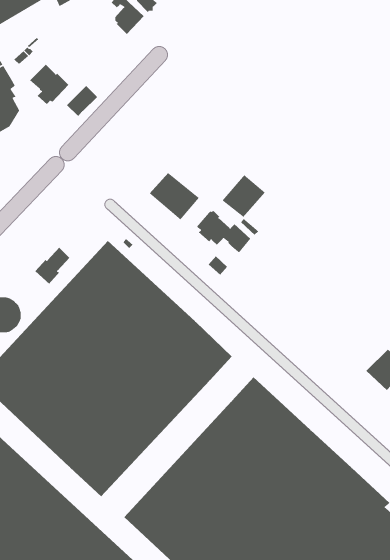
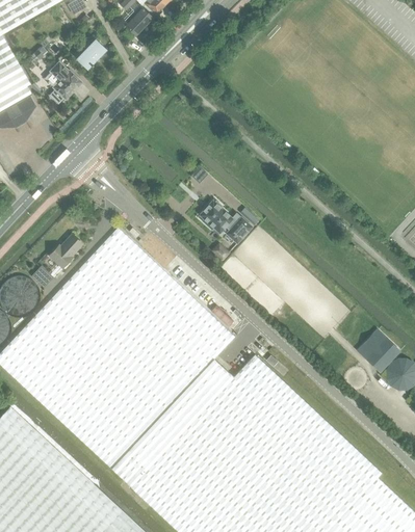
building: [66,85,98,117] -> [77,39,107,70]
building: [149,172,200,220] -> none
building: [222,174,266,218] -> none
building: none -> [111,360,233,487]

